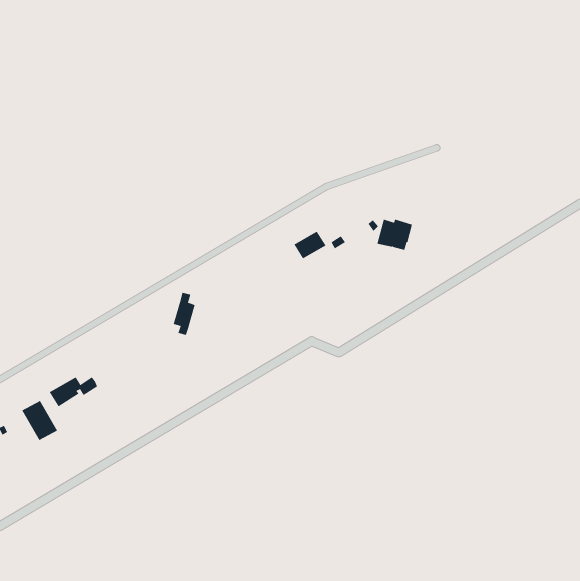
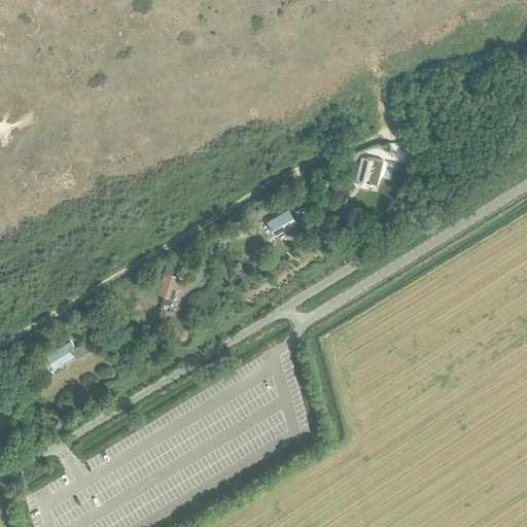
building: [376,219,413,251] -> [354,156,387,185]
building: [22,400,58,441] -> none

